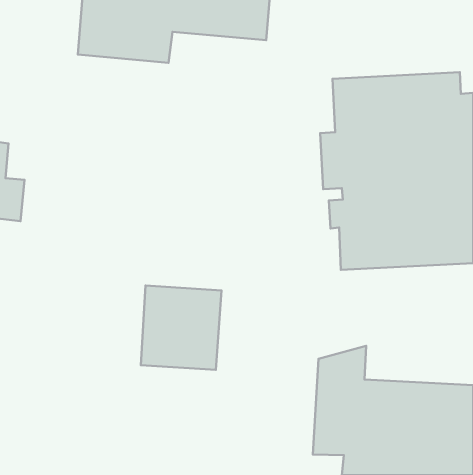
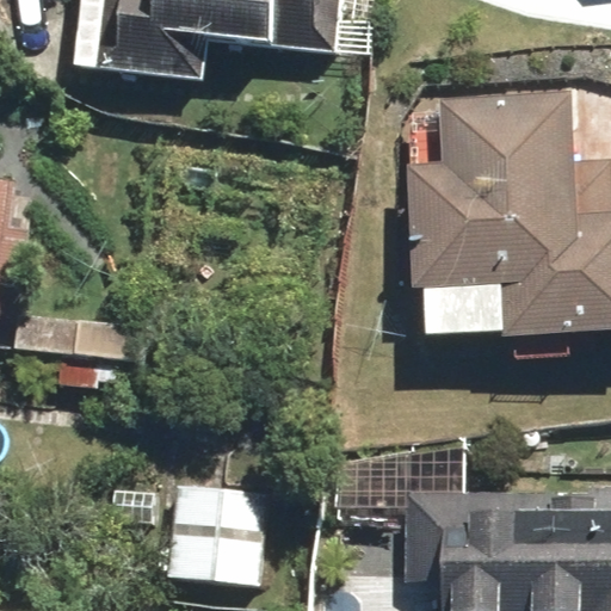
building: [141,286,221,370] -> [167,481,270,588]

